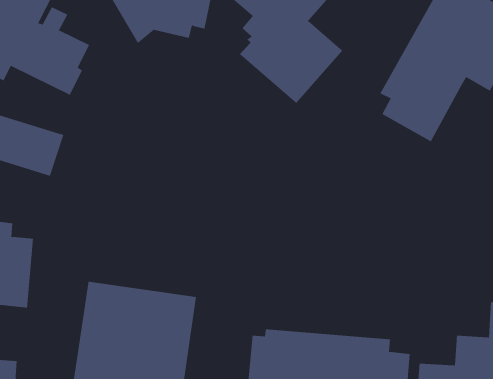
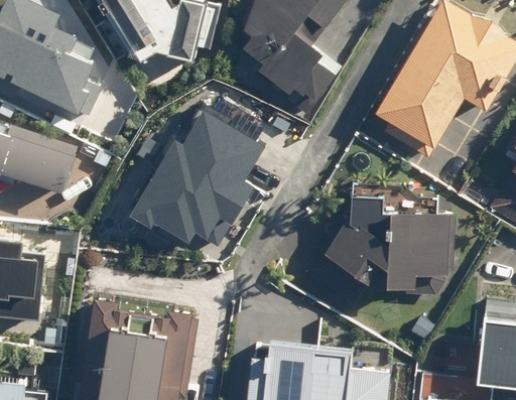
building: none -> [128,98,270,246]
building: none -> [302,187,455,307]

